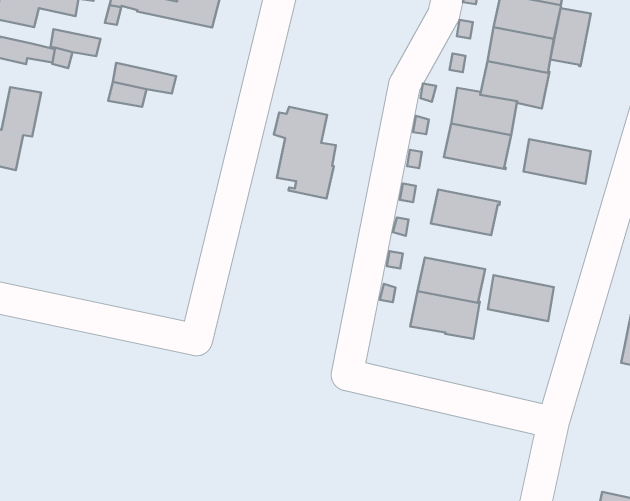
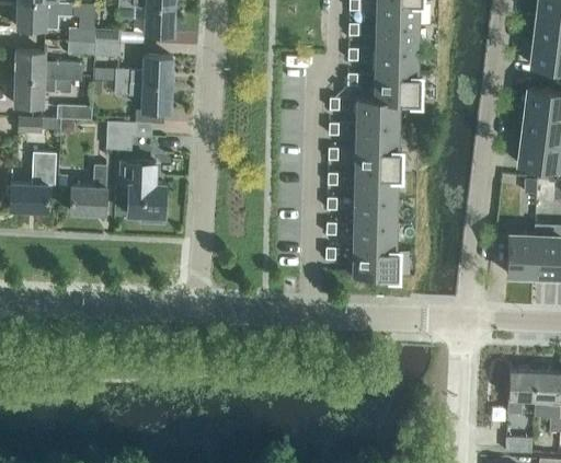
building: [550,8,591,66] -> none
building: none -> [115,82,171,112]
building: [274,107,336,198] -> [119,162,167,223]
building: none -> [70,165,106,213]
building: [524,139,591,184] -> [354,149,400,174]
building: [488,275,554,321] -> [353,198,398,224]

